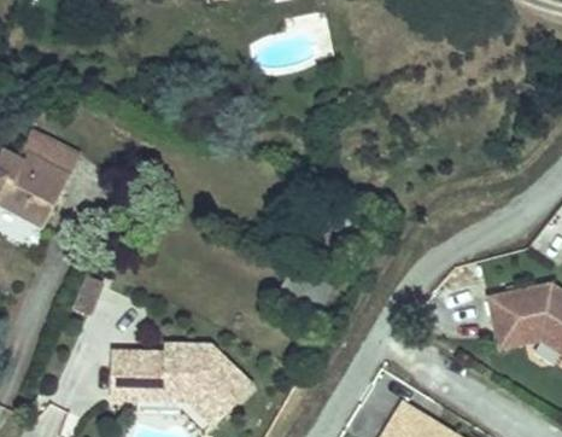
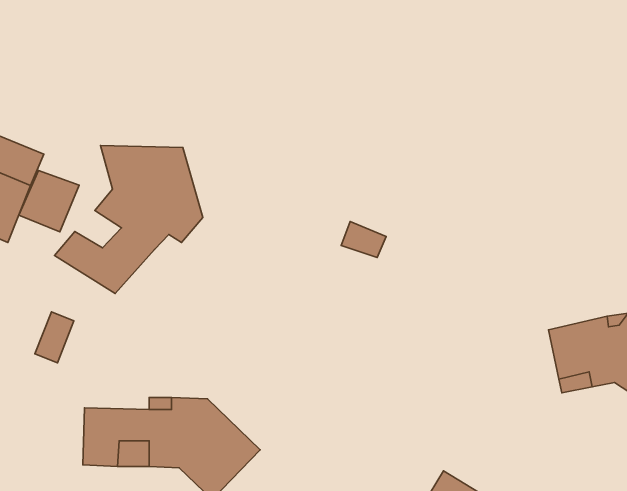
building: none -> [55,146,203,294]
building: none -> [19,170,79,232]

